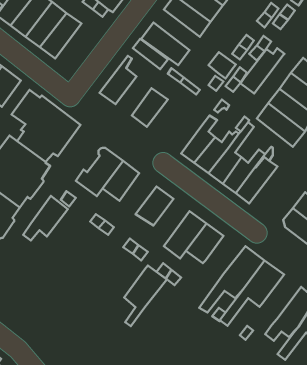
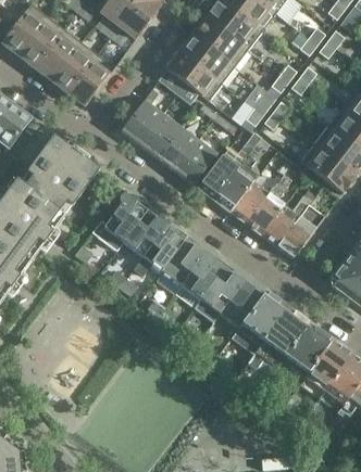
building: none -> [182,36,235,82]
building: none -> [69,52,115,104]
building: [240,48,285,94] -> [197,149,248,201]
building: none -> [138,113,179,157]
building: none -> [174,139,216,184]
building: [23,196,68,240] -> [134,224,185,275]
building: none -> [182,253,223,298]
building: [124,265,167,326] -> [238,291,287,360]
building: none -> [299,340,351,397]

